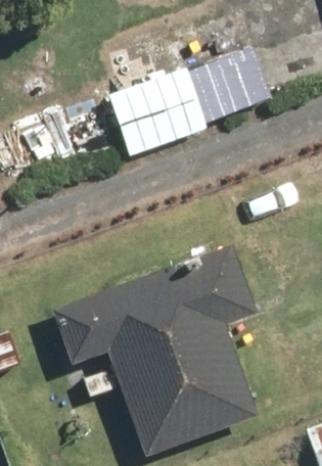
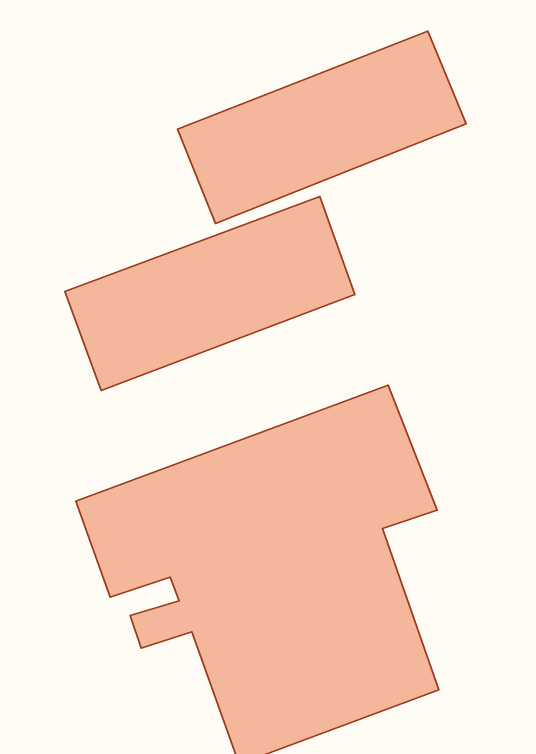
building: none -> [65,197,355,391]

